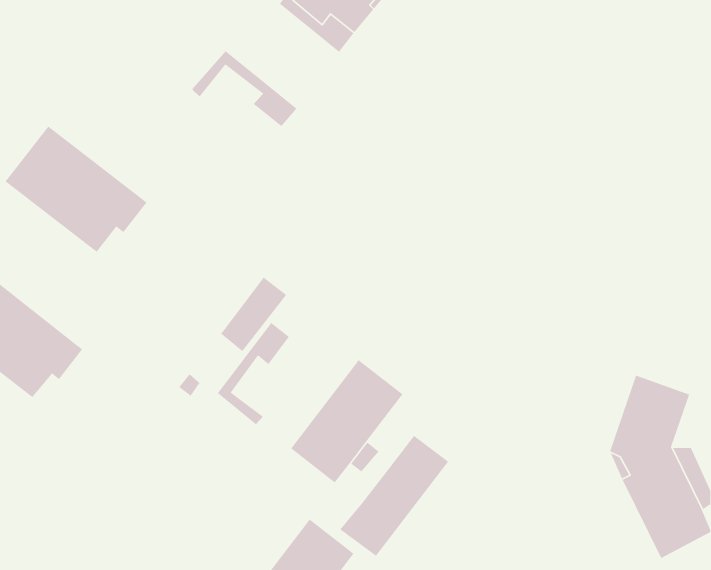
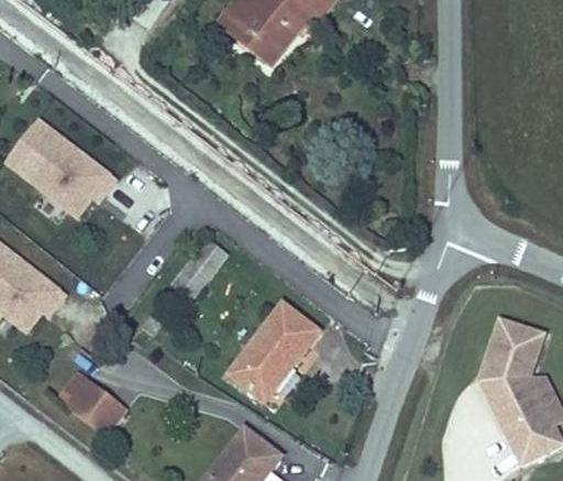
building: [191,50,297,127] -> none
building: [217,322,290,425] -> none
building: [339,435,449,557] -> none
building: none -> [60,371,126,431]

